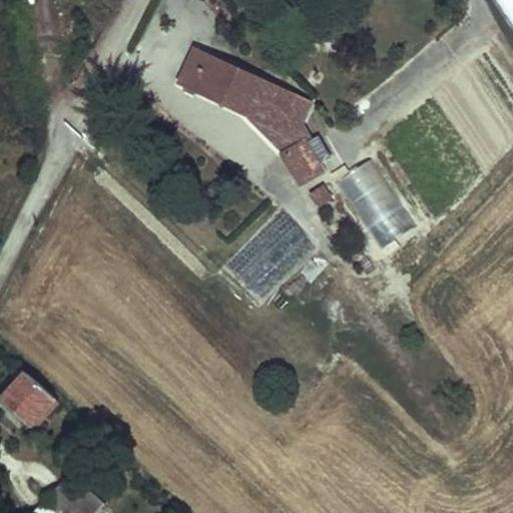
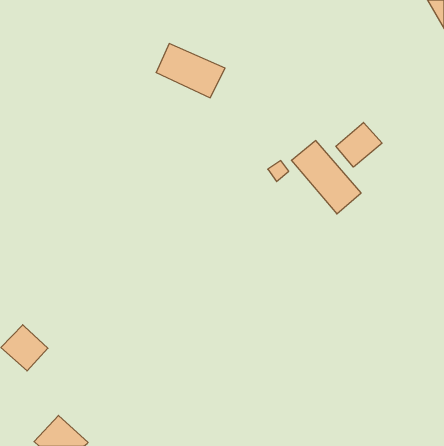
building: [242,78,329,184] -> none
building: none -> [336,122,382,167]

